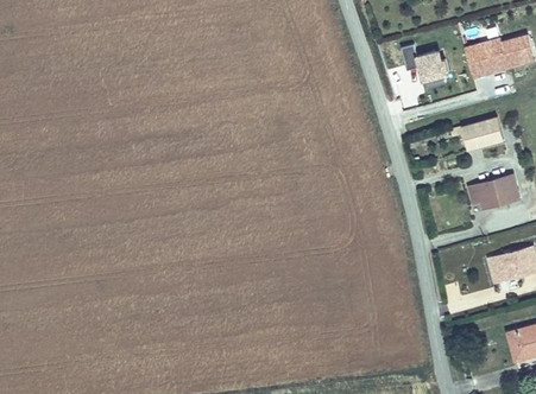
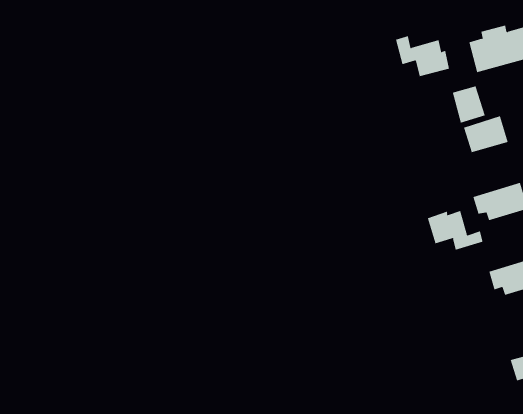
building: none -> [452,85,486,123]
building: none -> [427,210,483,251]

